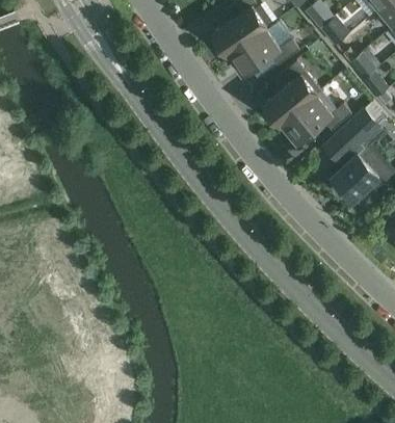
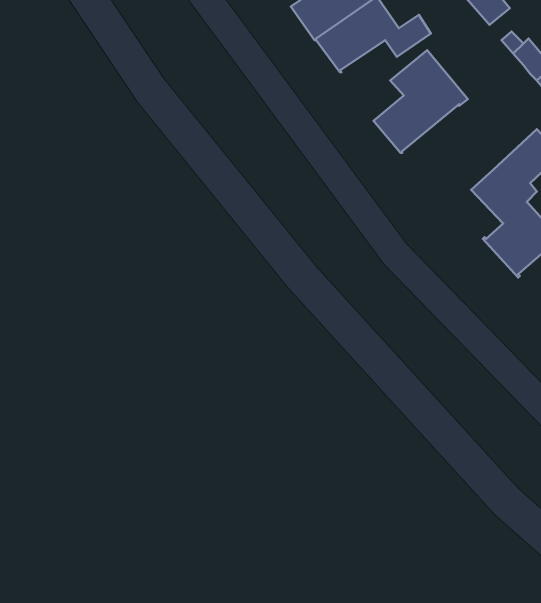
building: [282,95,352,143] -> none

